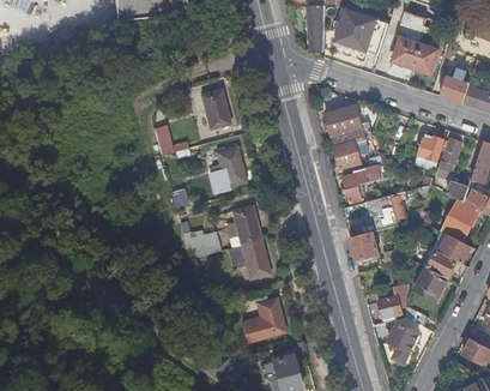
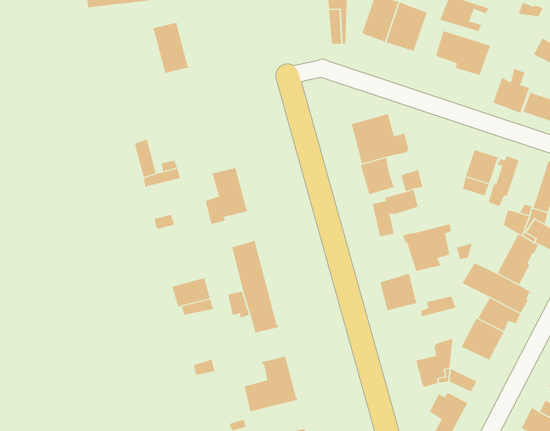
building: [200,88,230,128] -> [152,22,190,73]

